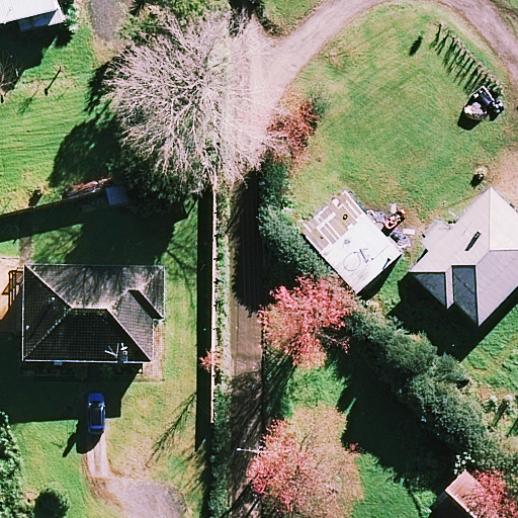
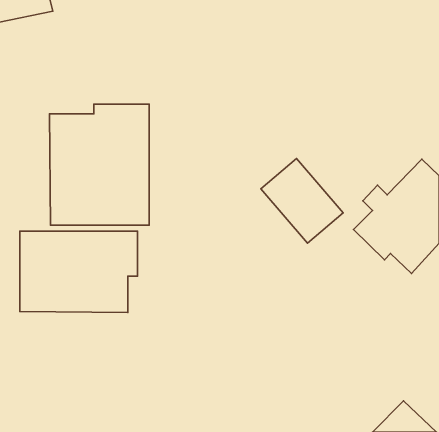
building: none -> [49,104,149,225]

